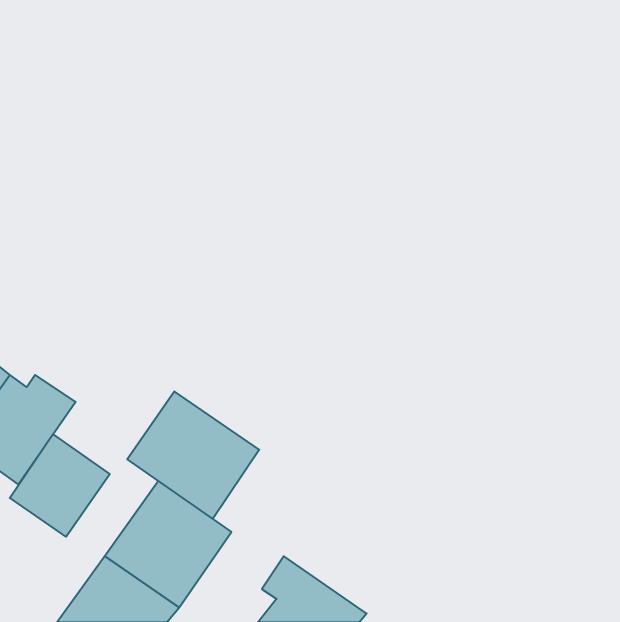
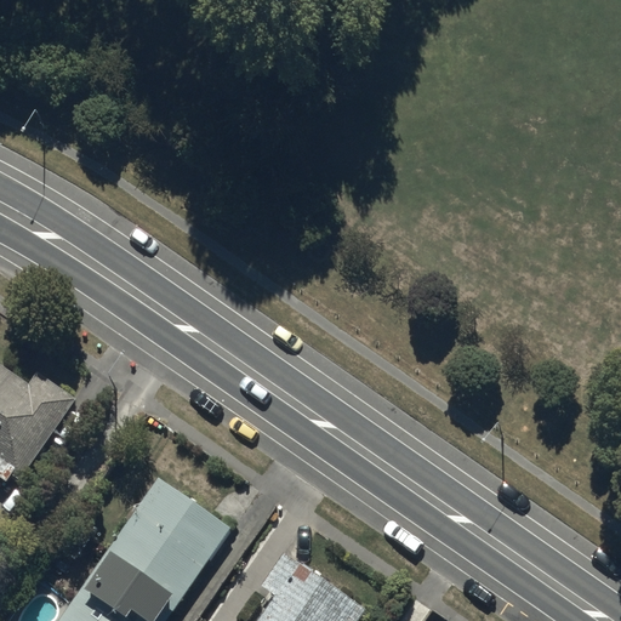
building: [127,391,259,519] -> none
building: [10,434,110,537] -> none

